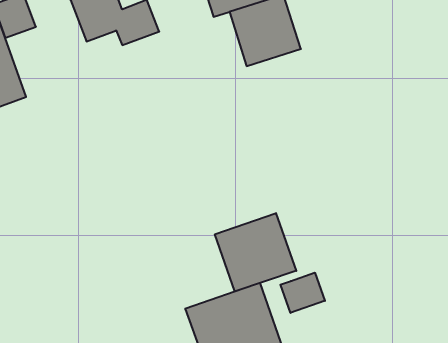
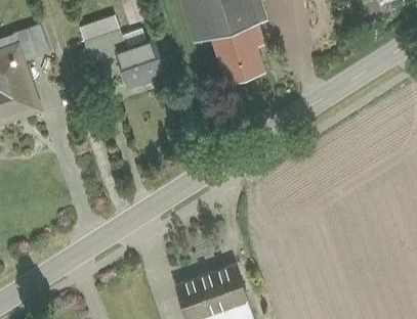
building: none -> [119,56,165,92]
building: [215,213,296,291] -> none
building: [280,273,325,313] -> none

